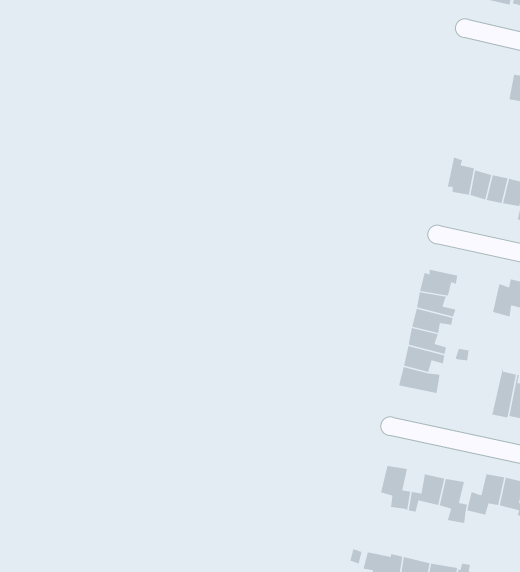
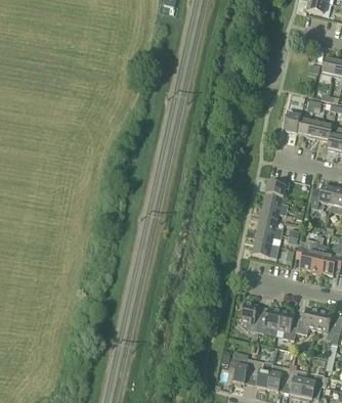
building: none -> [297,239,317,269]

